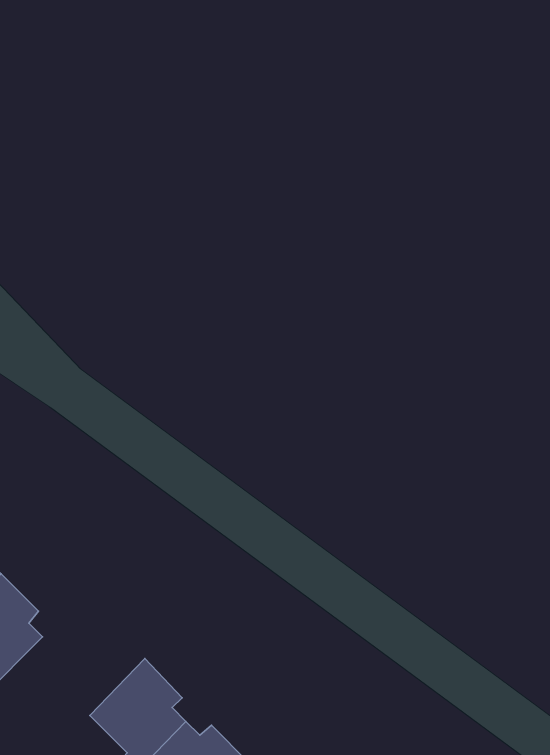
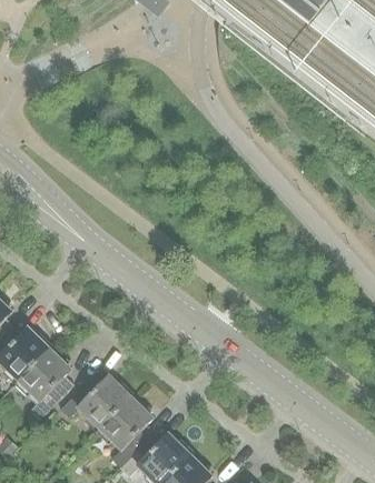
building: none -> [49,361,119,415]

